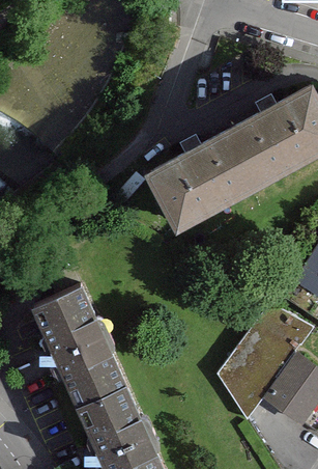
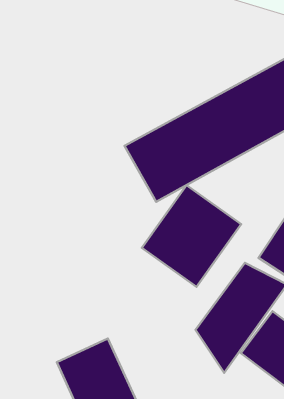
building: none -> [142,185,241,287]
building: [26,283,124,406] -> none

